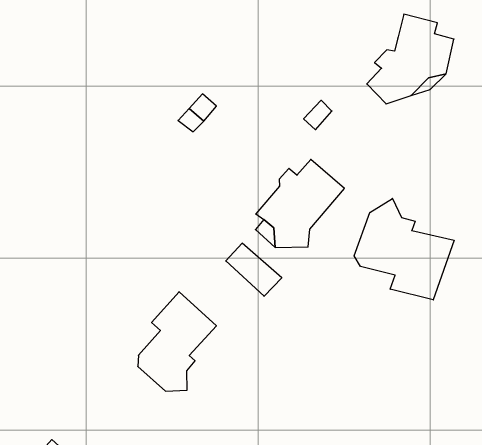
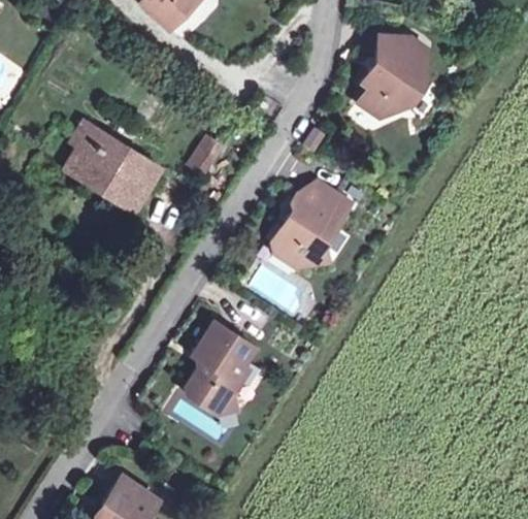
building: none -> [66,122,160,210]
building: [354,198,454,300] -> none

